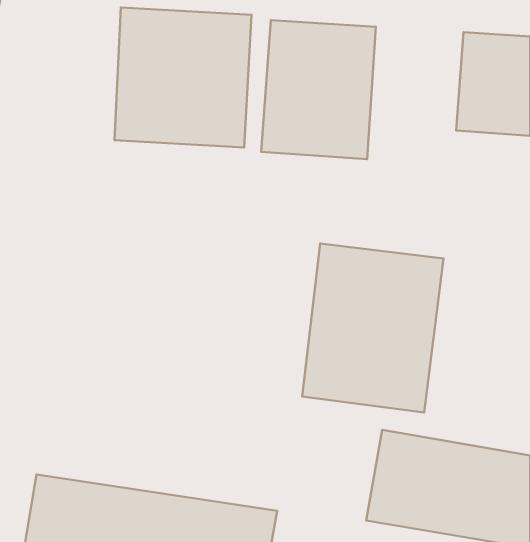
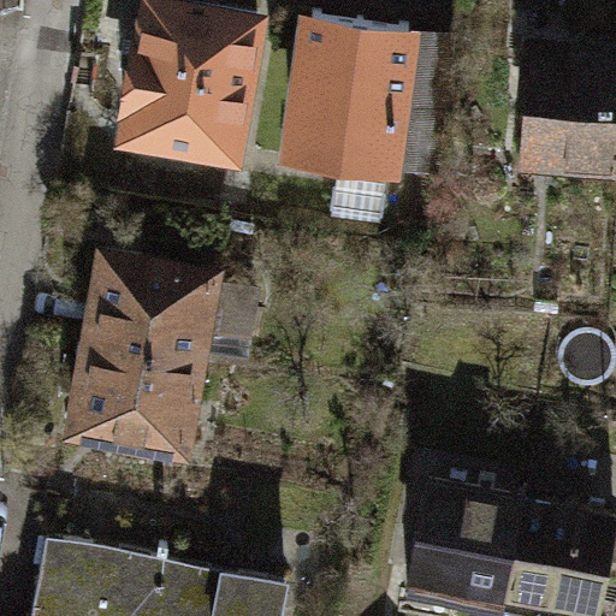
building: none -> [76,244,236,470]
building: [302,244,444,412] -> none

